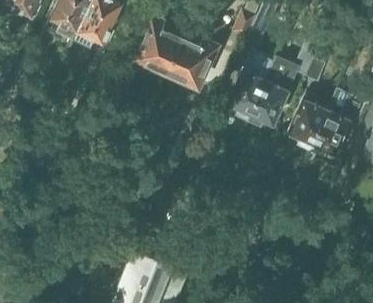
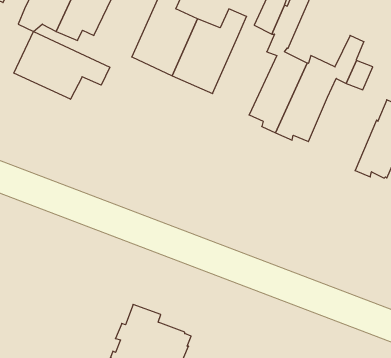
building: none -> [14,32,110,99]
building: [290,98,328,148] -> none

